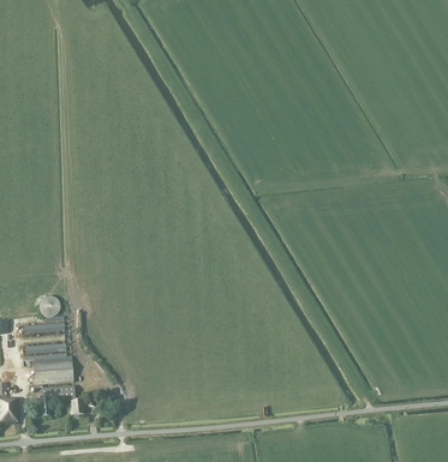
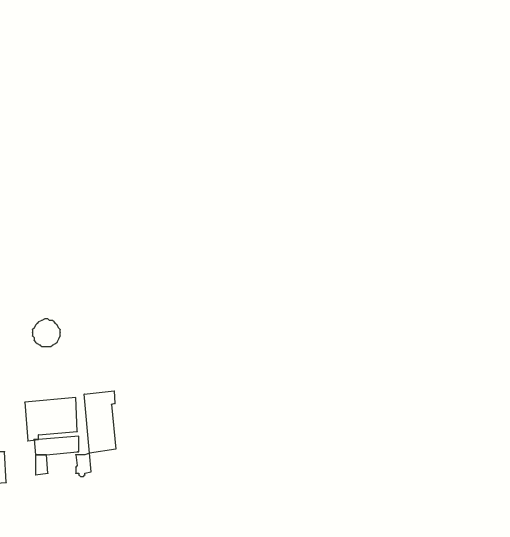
building: none -> [84,391,116,453]

